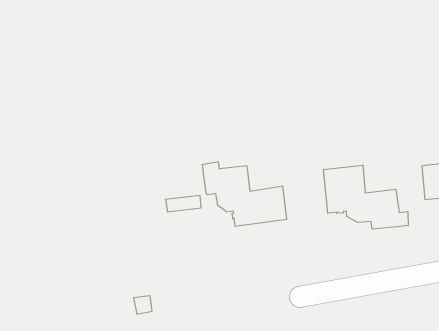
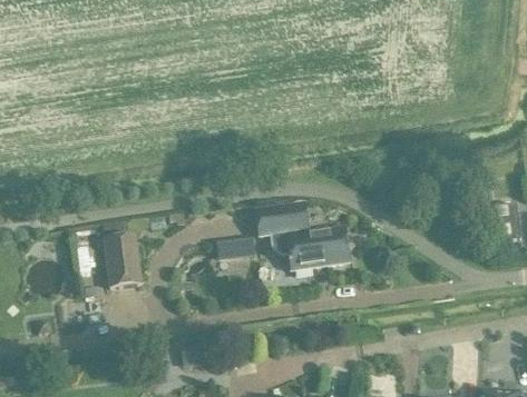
building: [323,165,408,229] -> none
building: none -> [105,237,141,287]

